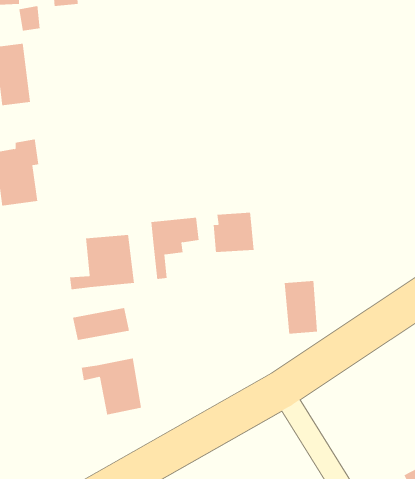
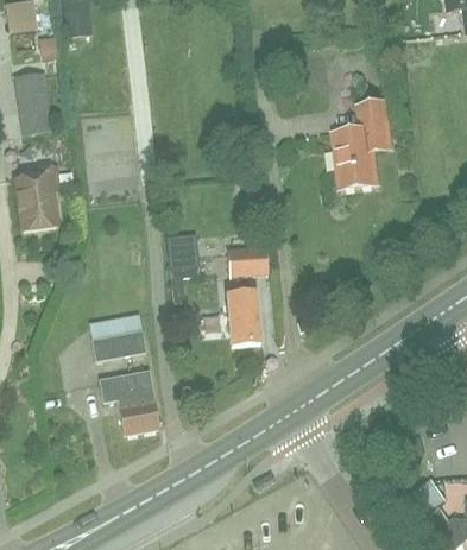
building: none -> [332,100,390,187]
building: [70,234,135,290] -> none
building: [284,280,318,334] -> [225,291,258,343]

